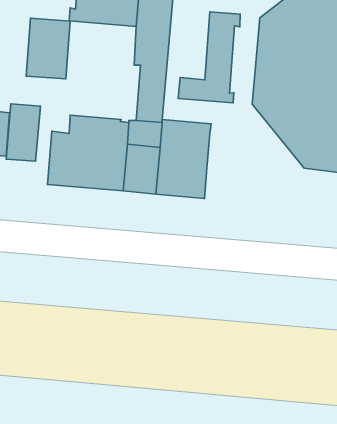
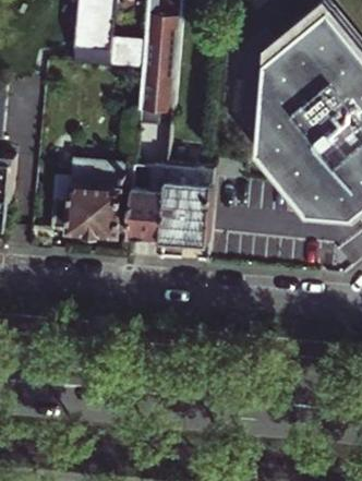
building: [178,12,240,103] -> none
building: [26,18,70,79] -> none
building: [6,104,40,161] -> none

